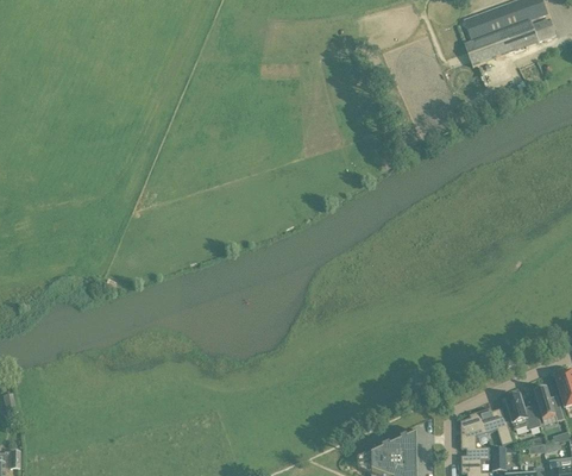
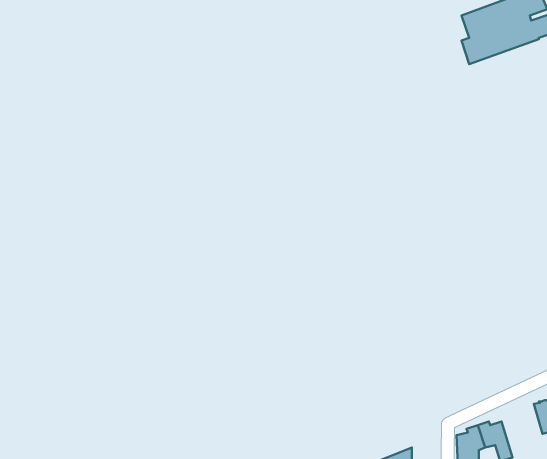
building: [505,394,540,428] -> none

